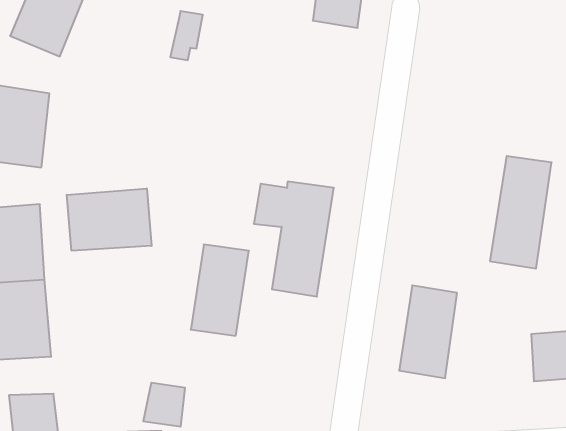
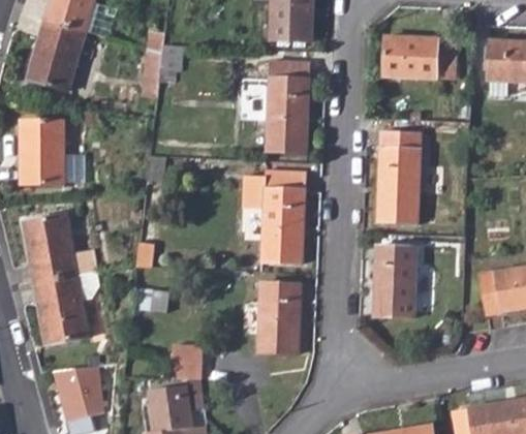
building: none -> [382,36,454,79]
building: none -> [267,61,308,152]
building: [490,156,552,269] -> [376,134,417,223]
building: [67,188,152,251] -> none
building: [191,245,249,336] -> [259,282,300,353]

